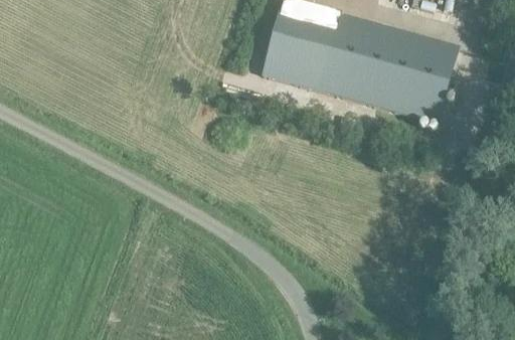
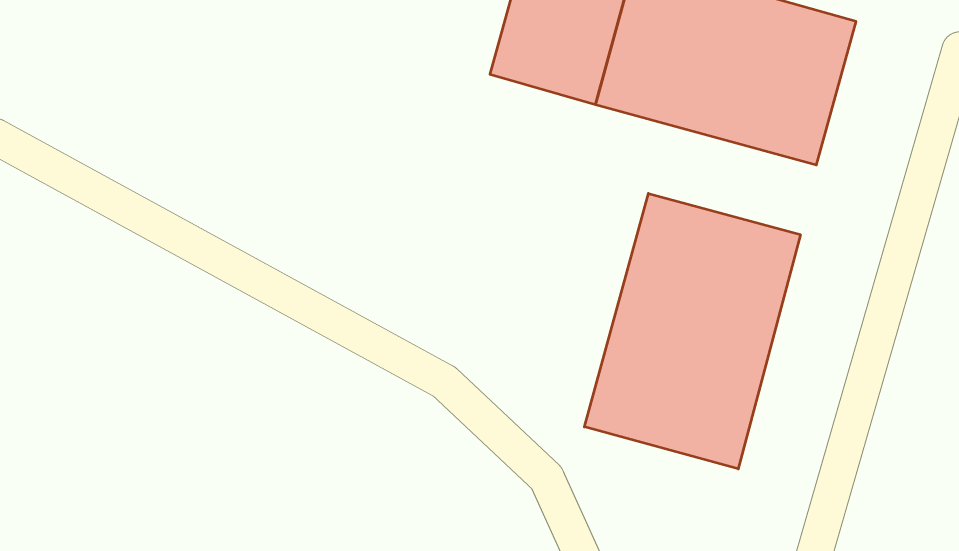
building: none -> [584,193,800,469]

